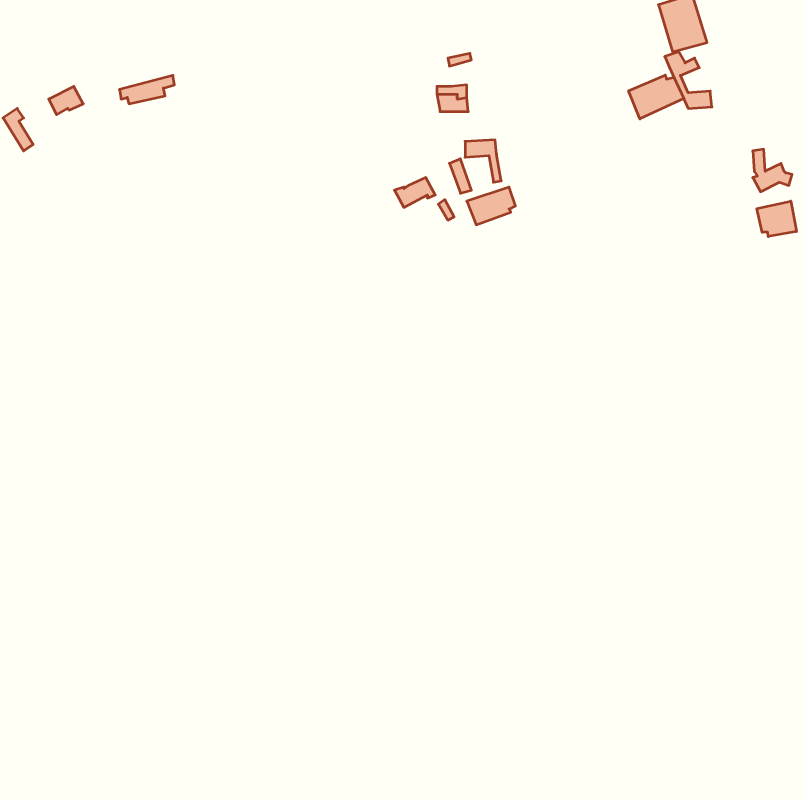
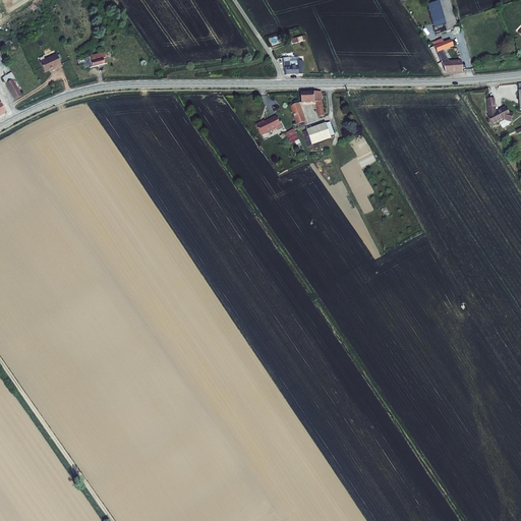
building: [629,75,684,119] -> none
building: [757,201,796,237] -> none

